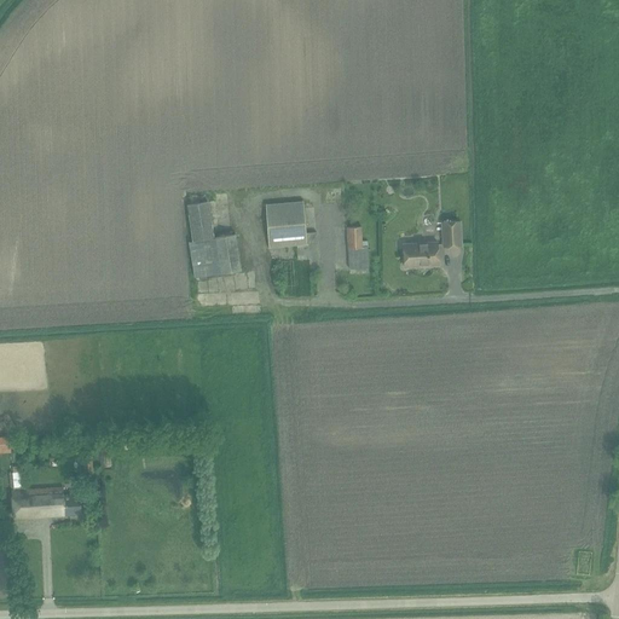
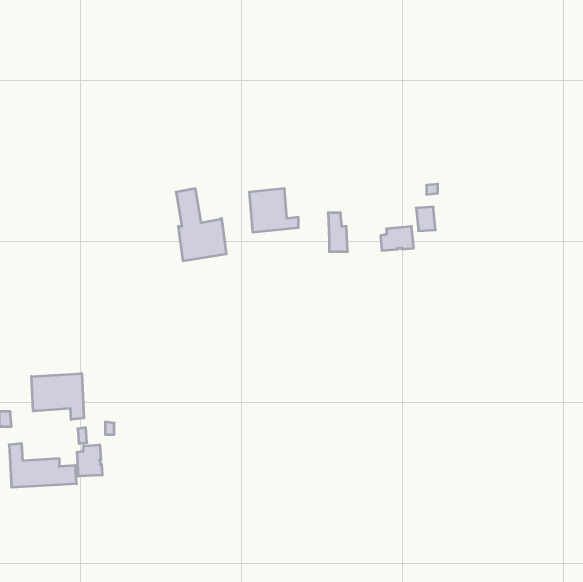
building: none -> [31,373,84,420]
building: none -> [77,445,102,476]

